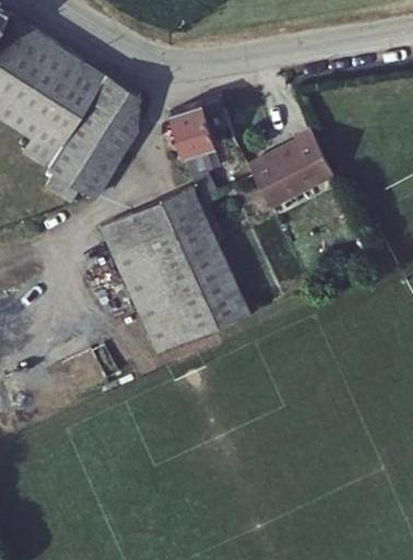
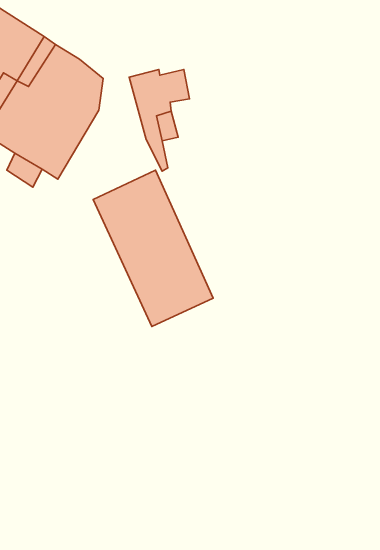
building: [241,120,327,199] -> none
building: [103,220,188,353] -> none

